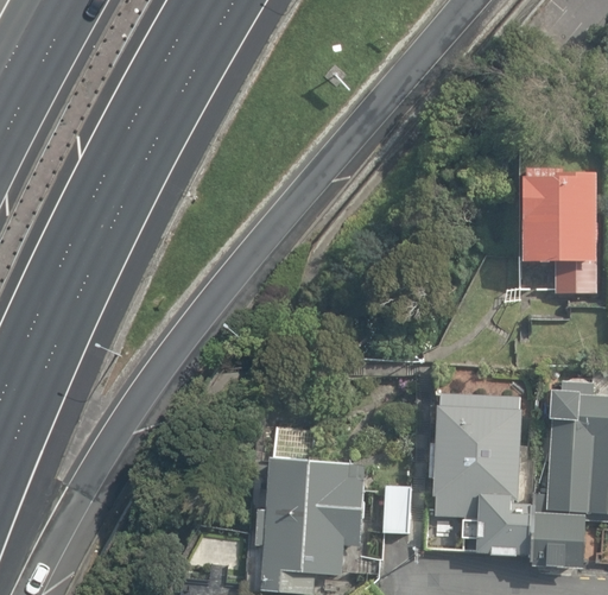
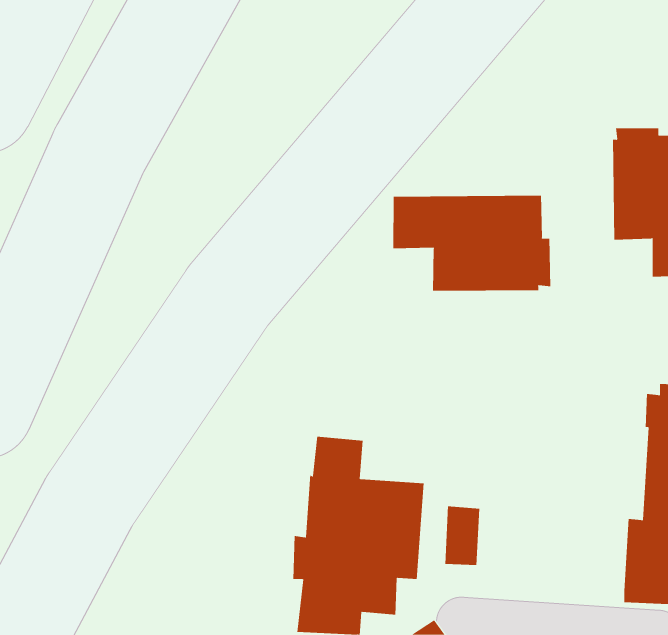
building: none -> [393,195,551,291]
building: [429,394,536,557] -> none

